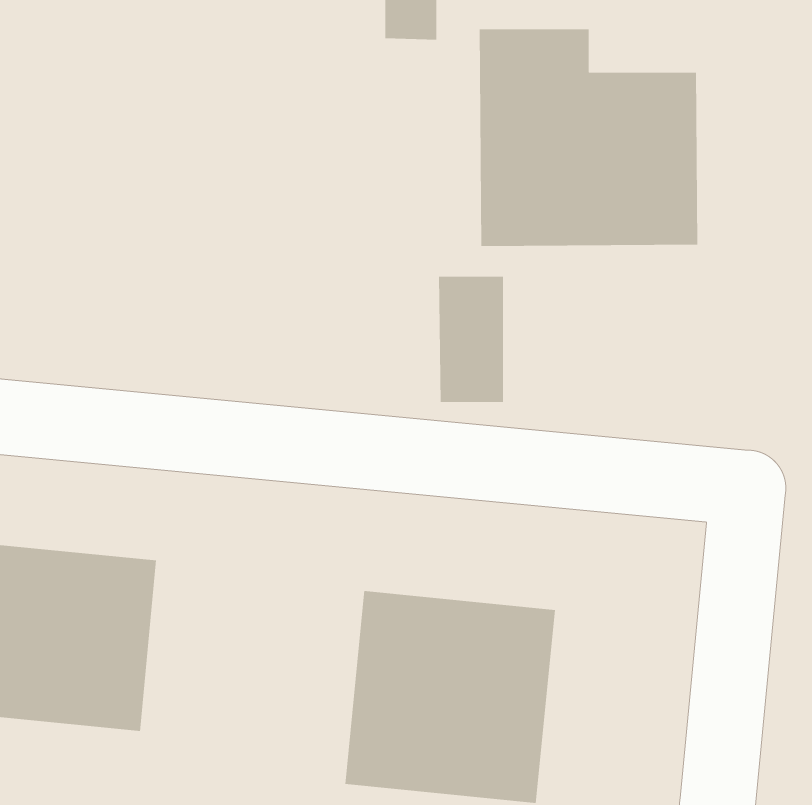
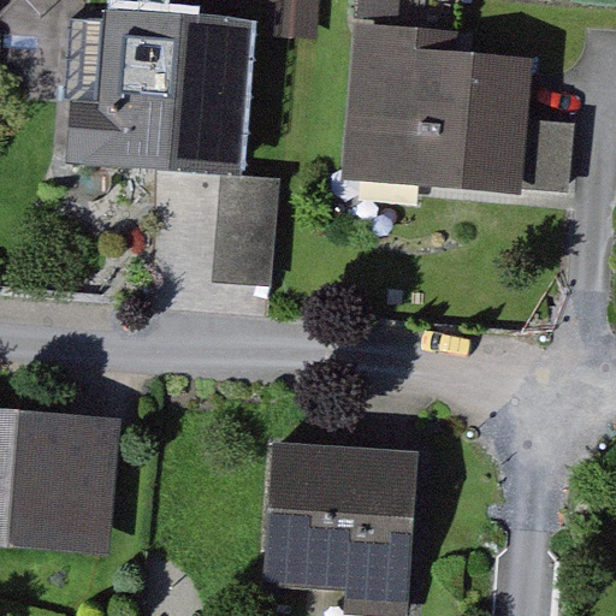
building: none -> [88,14,243,159]
building: [438,276,504,403] -> [220,183,270,278]

